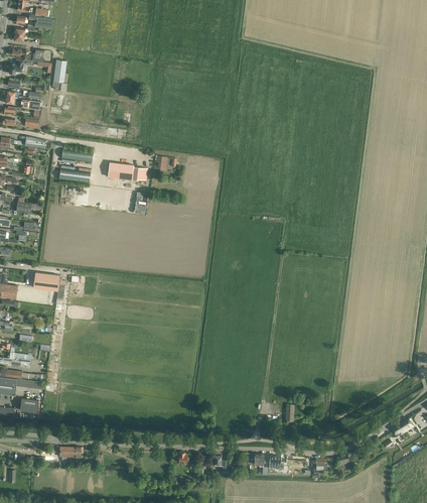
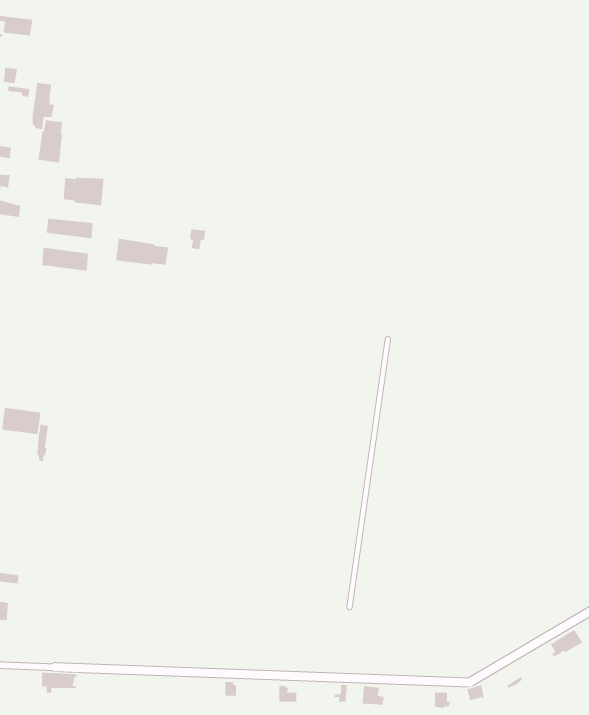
building: none -> [37,120,63,163]
building: none -> [63,177,105,206]

